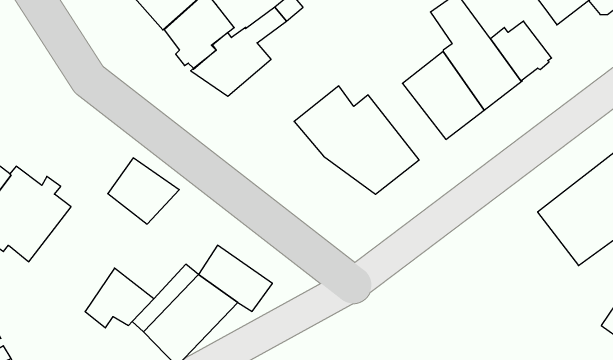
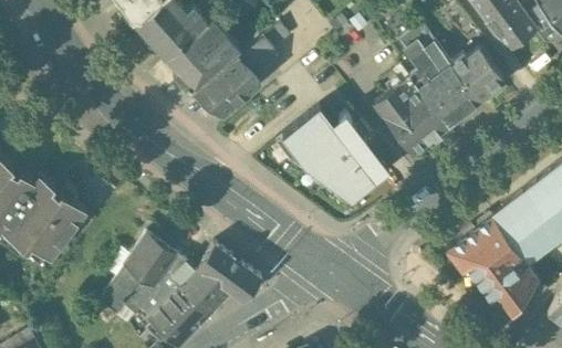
building: [108,158,179,224] -> [125,234,187,292]
building: none -> [446,217,540,314]

